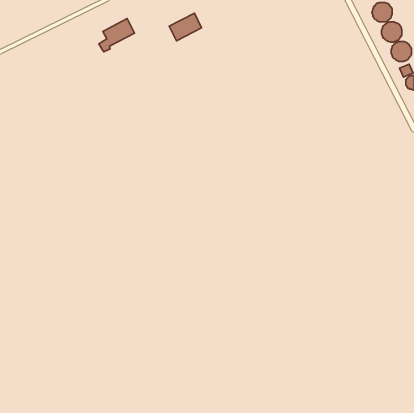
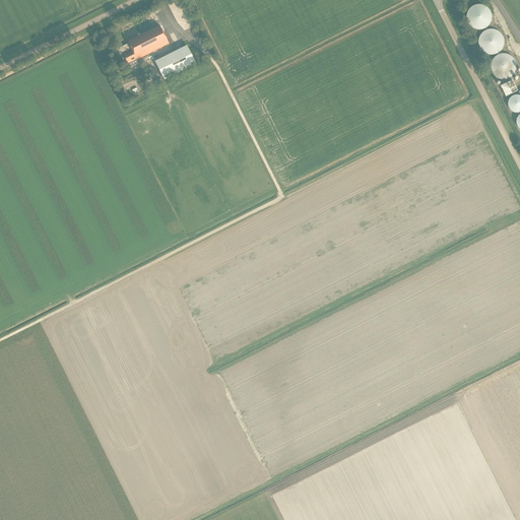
building: [169,13,202,41] -> [155,44,196,78]

